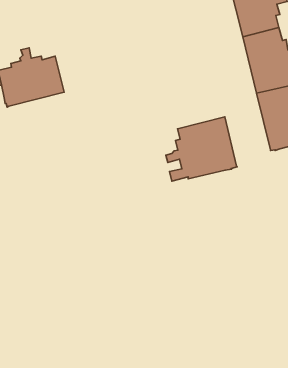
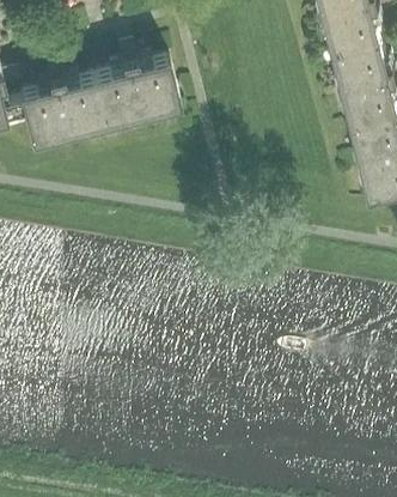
building: none -> [88,50,176,126]
building: [166,117,237,181] -> none

